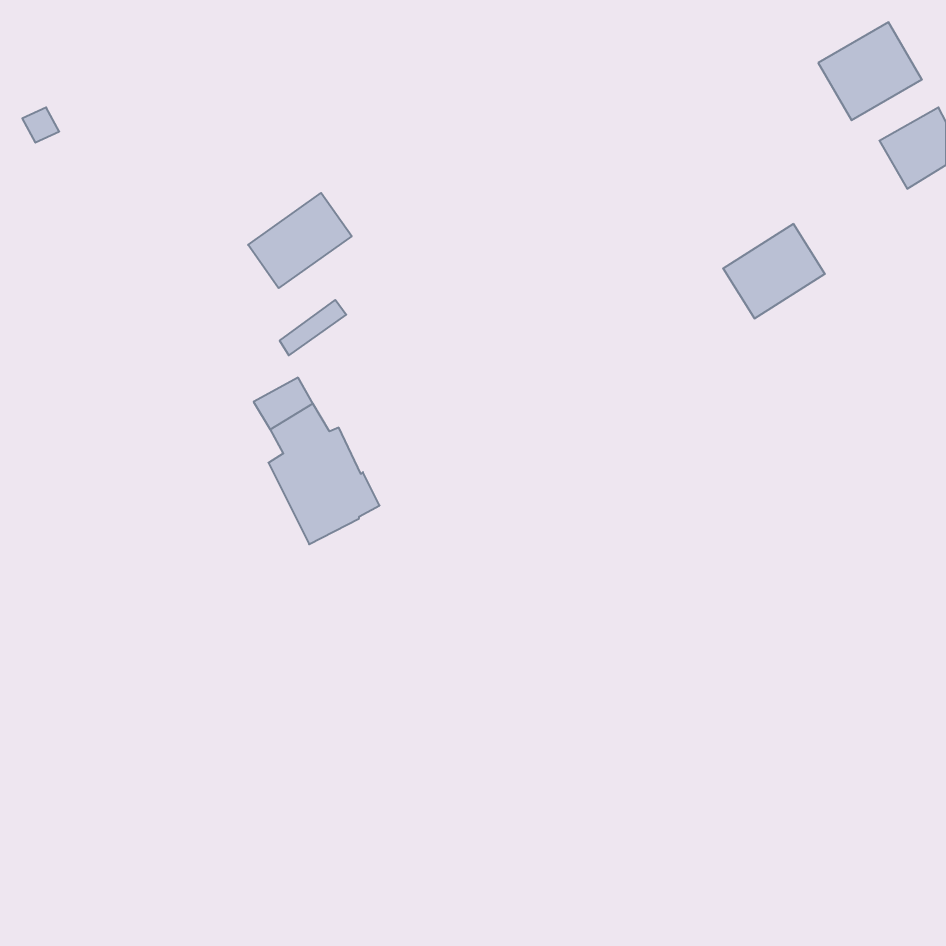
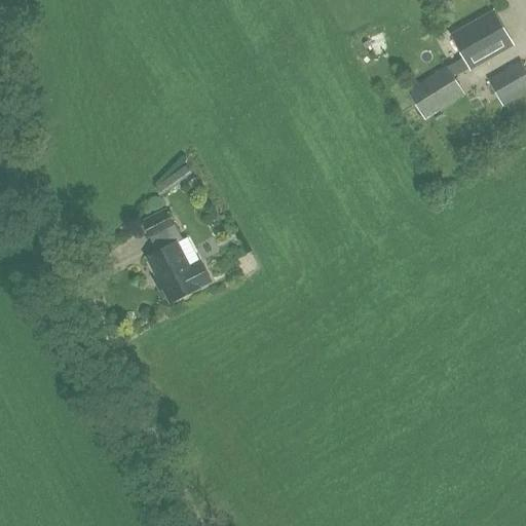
building: [248,193,352,288] -> none
building: [723,224,825,318] -> [408,66,464,118]

